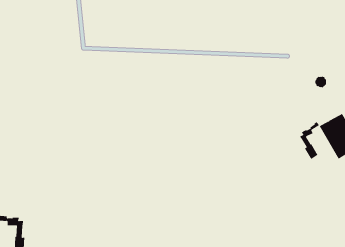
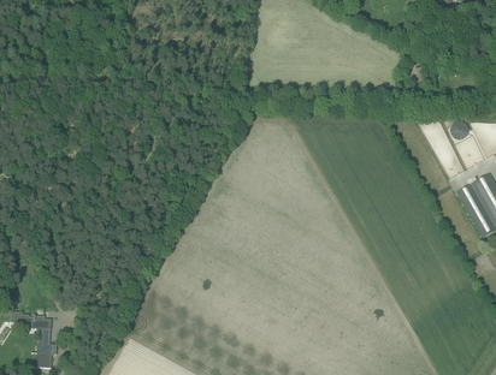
building: [299,122,320,160] -> none

